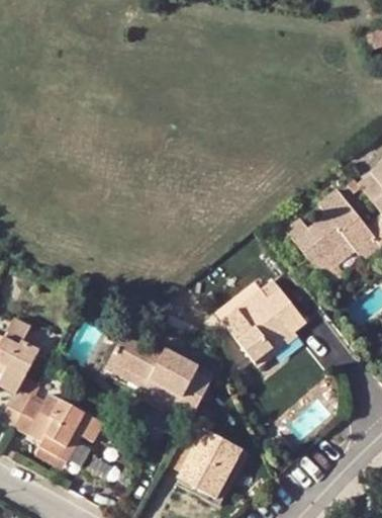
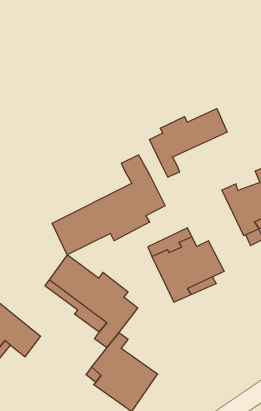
building: none -> [150,109,227,177]
building: none -> [52,155,165,255]

